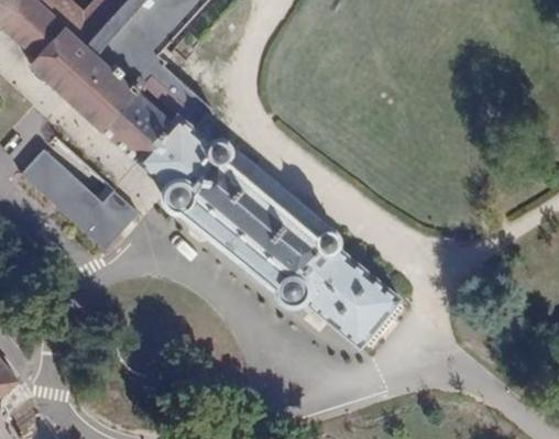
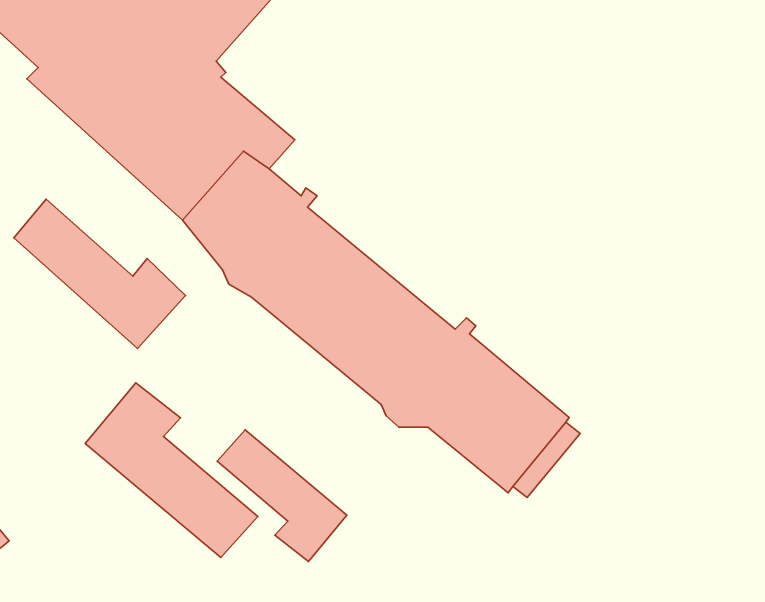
building: none -> [85,383,258,557]
building: none -> [217,430,347,561]

